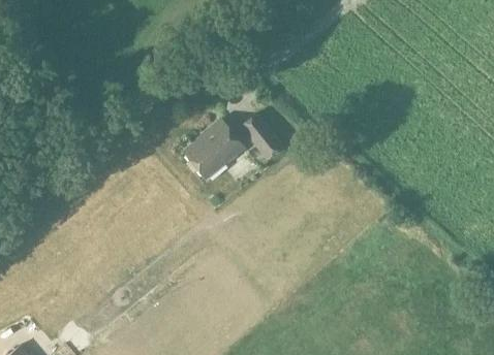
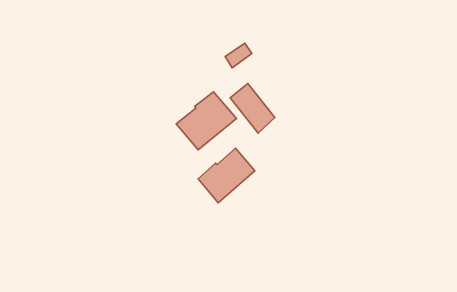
building: none -> [198,148,255,203]

